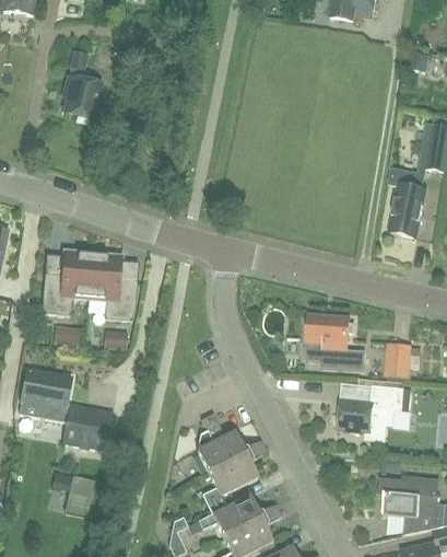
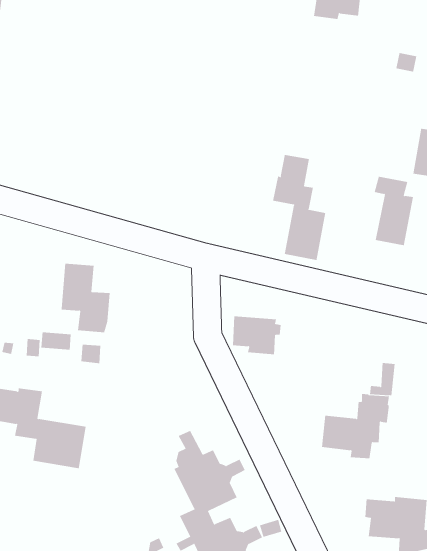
building: [63,50,99,119] -> none
building: none -> [272,154,326,261]
building: [40,251,92,314] -> none
building: [306,313,353,350] -> [232,316,282,355]
building: [50,471,93,514] -> none

